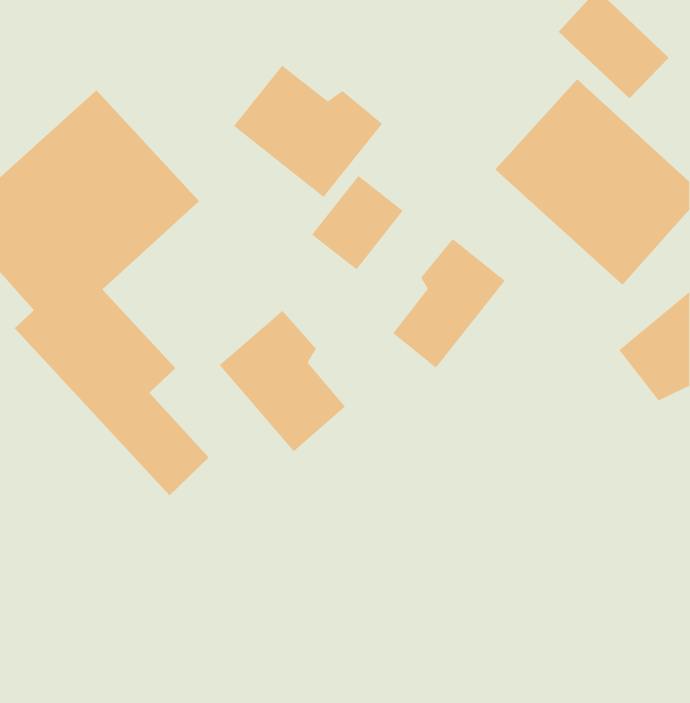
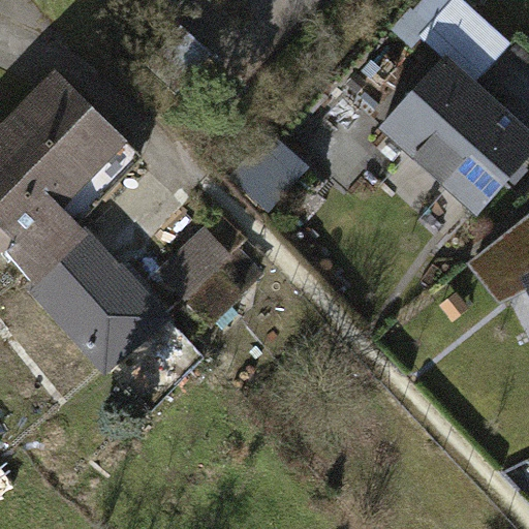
building: [233,65,383,198] -> none
building: [392,238,505,369] -> none

